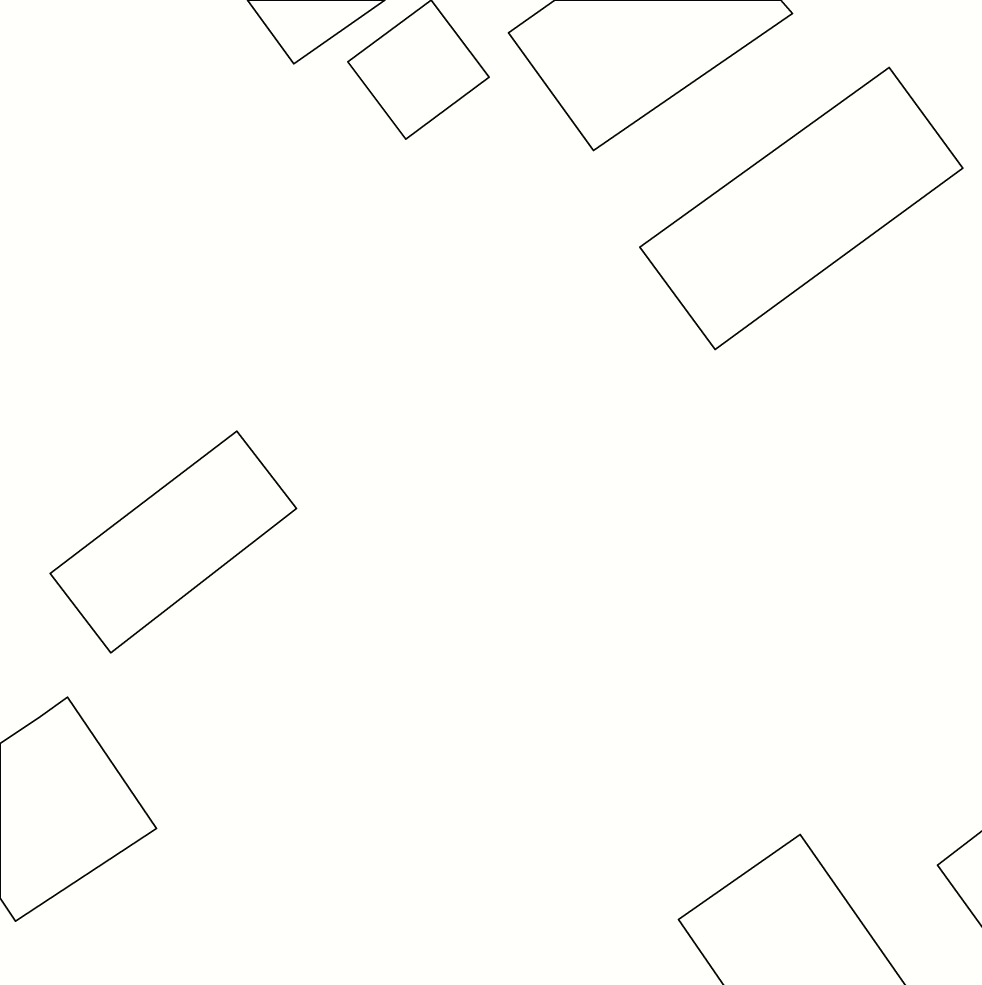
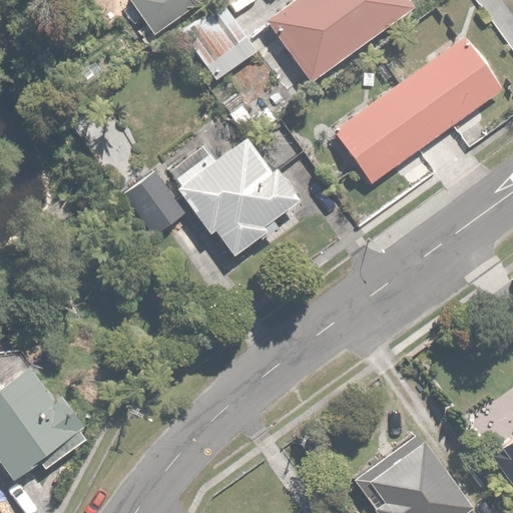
building: none -> [171,137,299,254]
building: none -> [124,169,185,231]
building: [50,431,296,653] -> none

